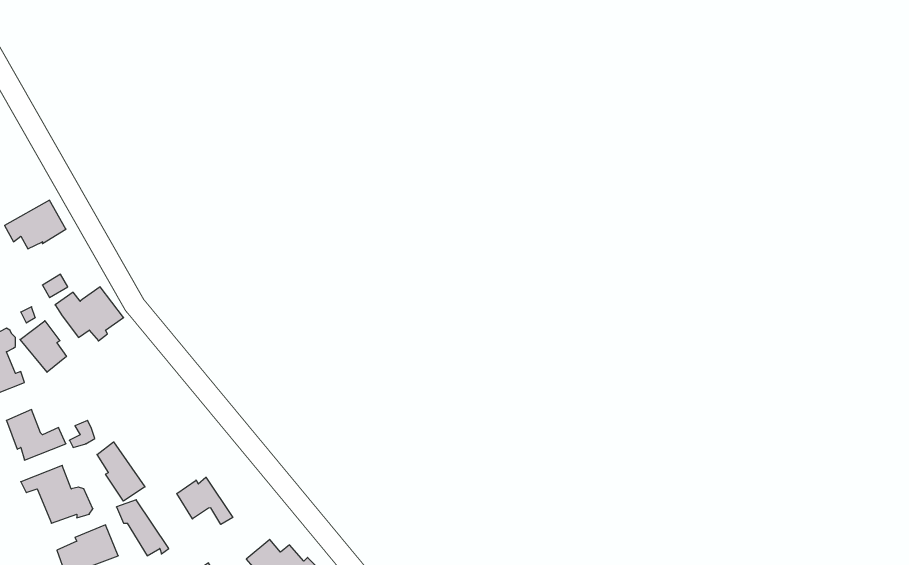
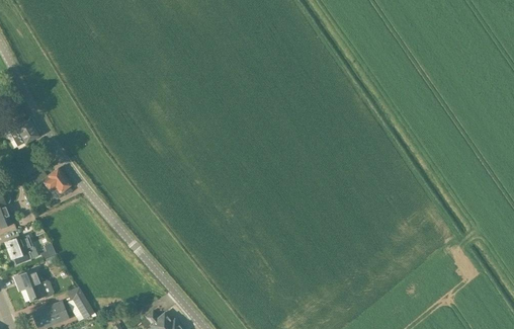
building: [20,321,66,372] -> none
building: [97,442,145,501] -> none
building: [177,477,233,524] -> none

